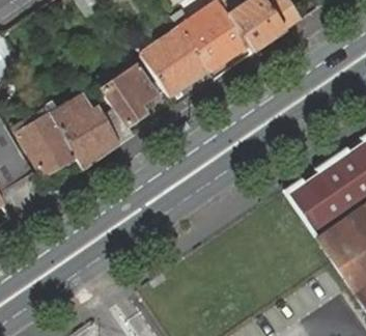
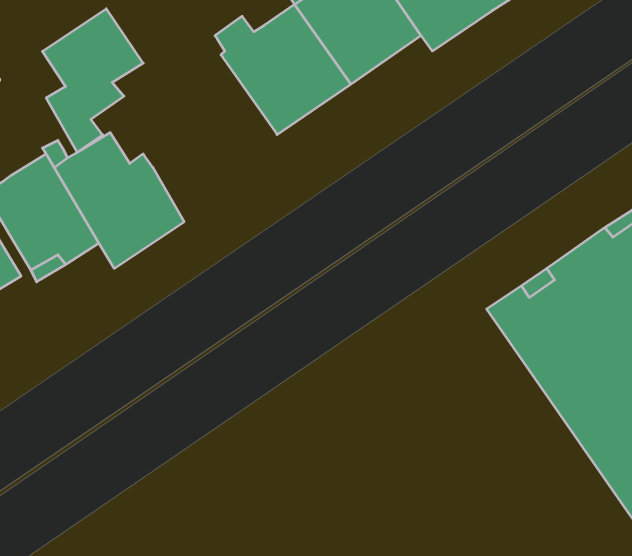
building: [103,65,157,142] -> [42,9,143,152]

